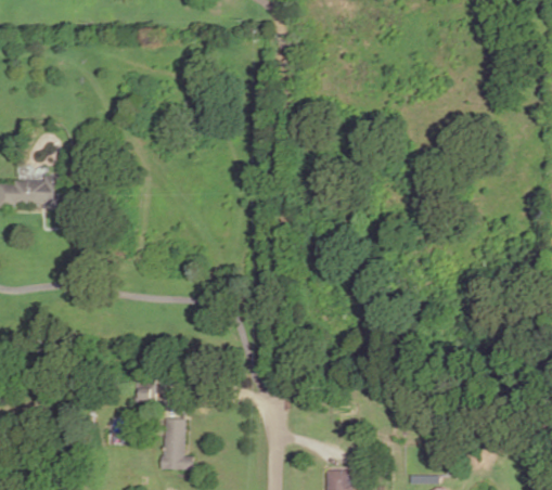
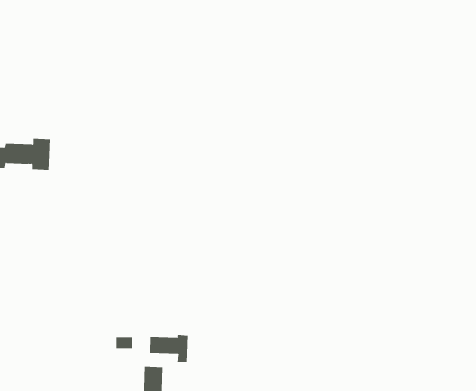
building: none -> [150,334,188,363]

